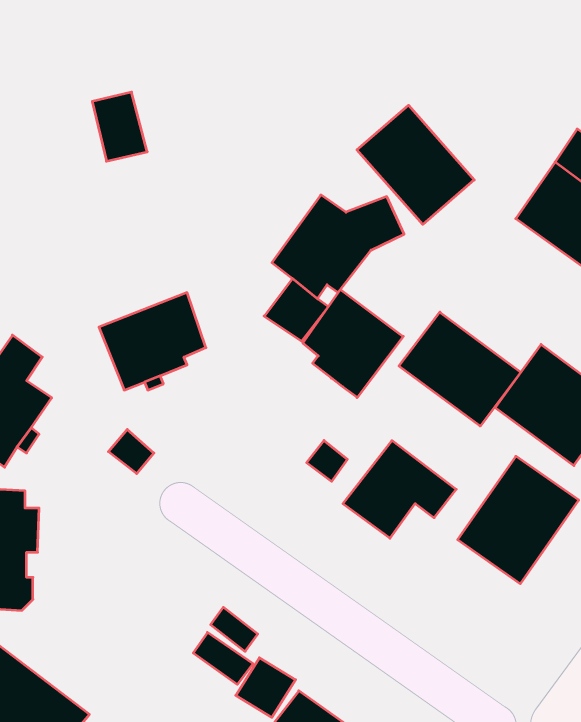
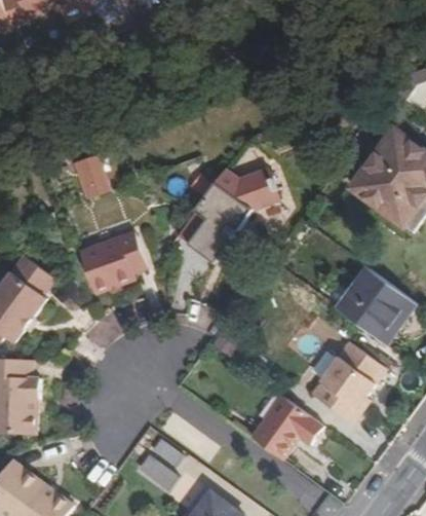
building: [92,92,147,161] -> [75,154,111,199]
building: [357,105,474,224] -> none
building: [303,289,403,398] -> none
building: [399,312,521,426] -> none
building: [343,441,456,538] -> [248,393,322,456]

